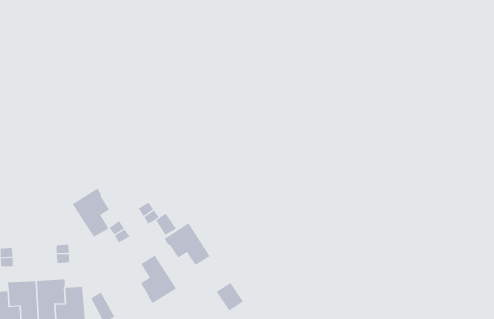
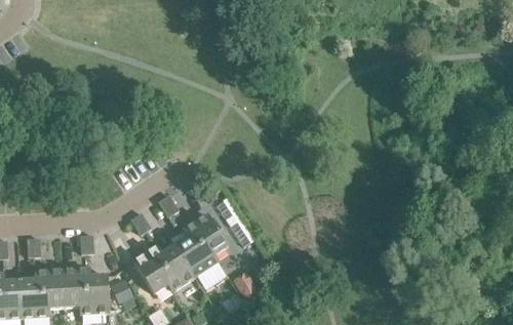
building: [72,188,110,238] -> [132,245,168,292]
building: none -> [174,235,218,276]

